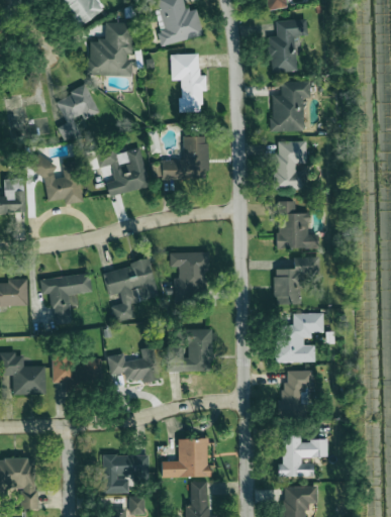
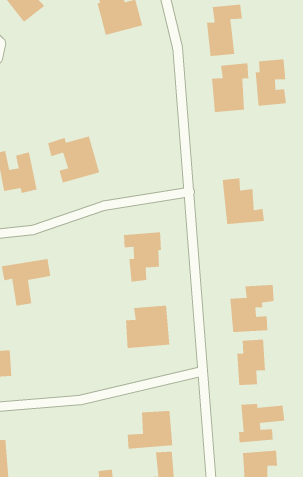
building: [88,22,133,75] -> none
building: [171,54,206,111] -> none
building: [56,85,98,141] -> none
building: [162,136,208,179] -> none
building: [274,140,306,189] -> [255,59,287,107]
building: [274,256,315,304] -> none
building: [103,260,159,321] -> none
building: [107,345,160,383] -> none
building: [52,353,101,383] -> none
building: [102,454,149,493] -> none

